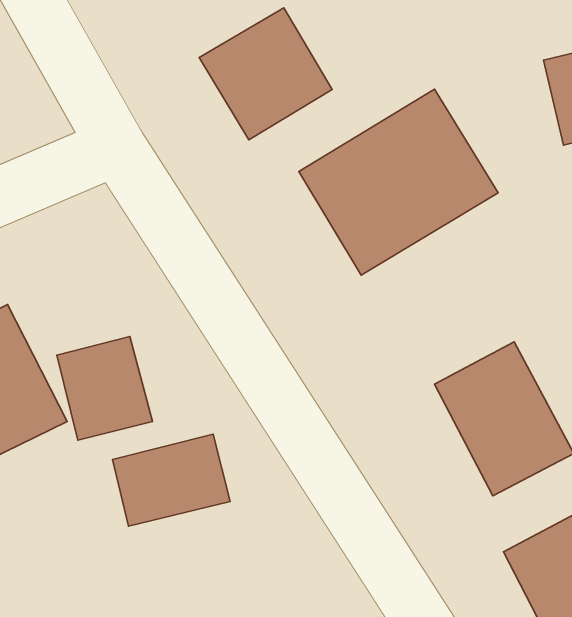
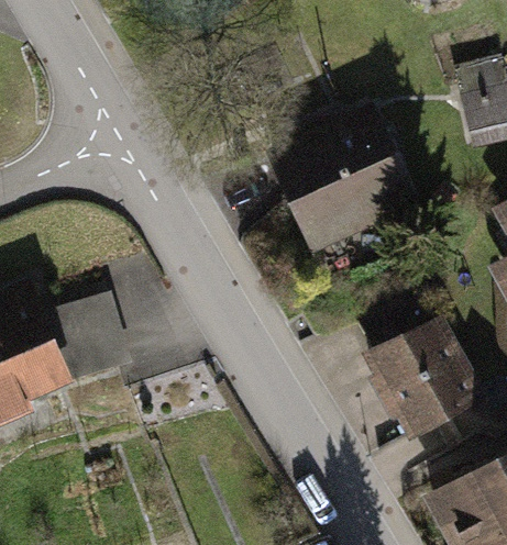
building: [199,8,332,140] -> none
building: [112,434,230,526] -> none

